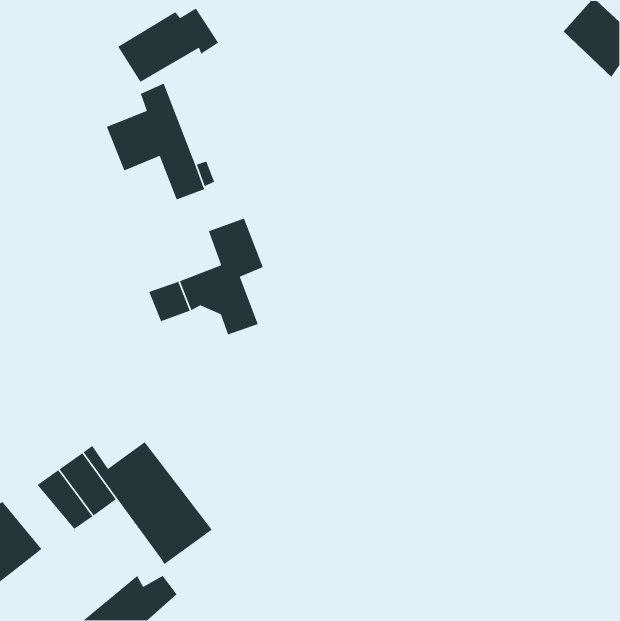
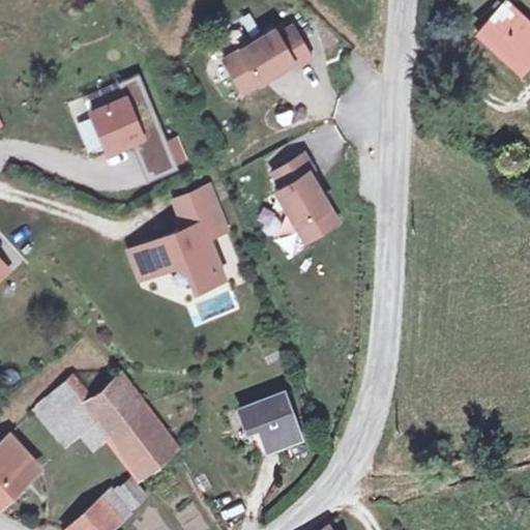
building: [117,7,219,83] -> [220,32,307,96]
building: none -> [271,159,336,245]
building: none -> [242,392,302,452]

